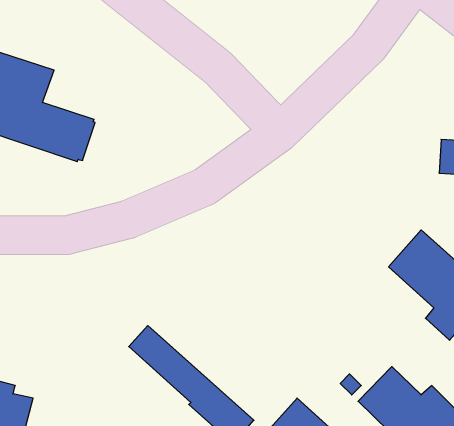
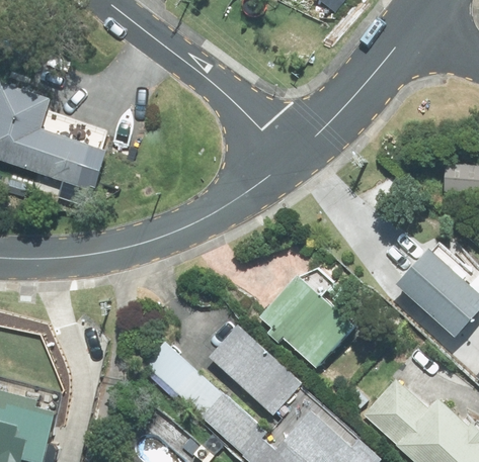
building: none -> [257,278,350,368]
building: none -> [209,329,299,415]

